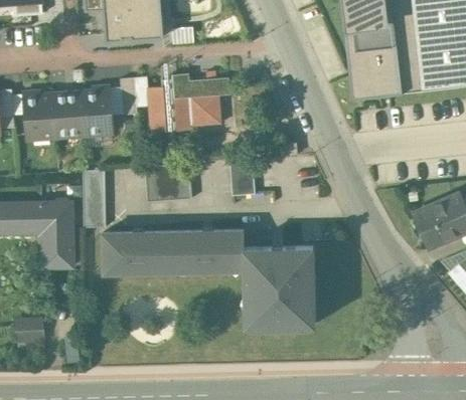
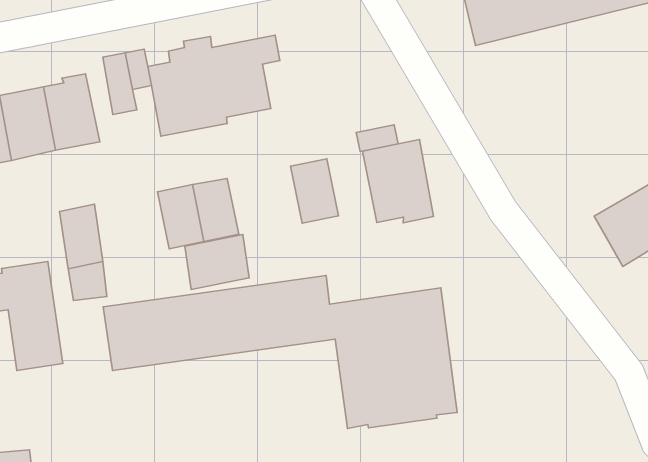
building: none -> [362,139,434,223]
building: none -> [185,234,249,290]

